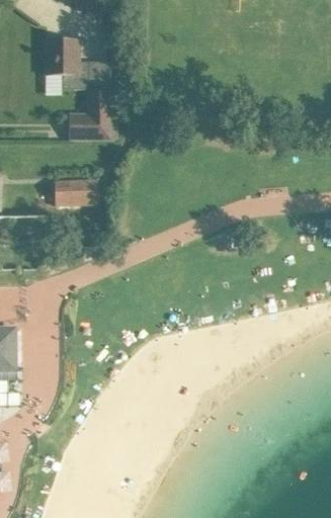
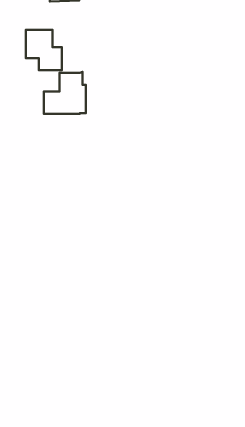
building: [56,176,99,203] -> none

